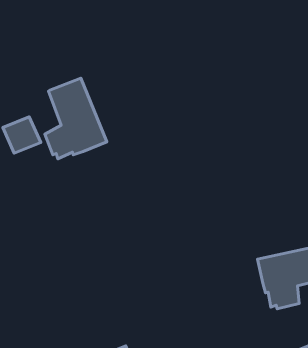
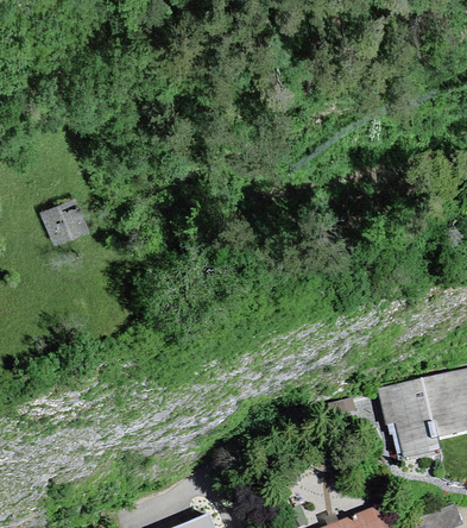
building: [45,78,107,159] -> none

